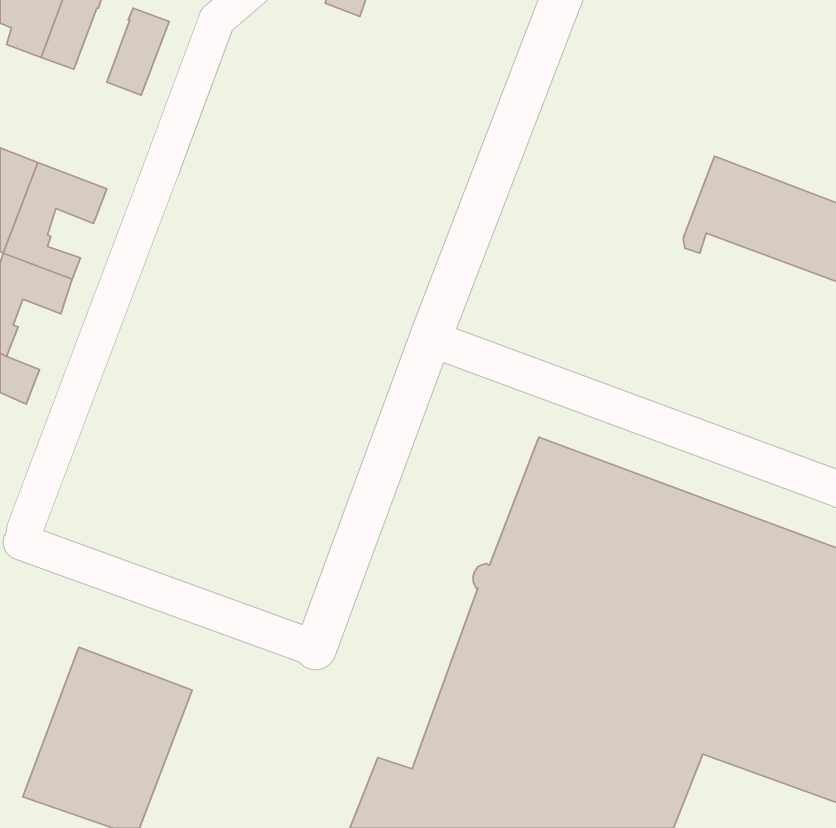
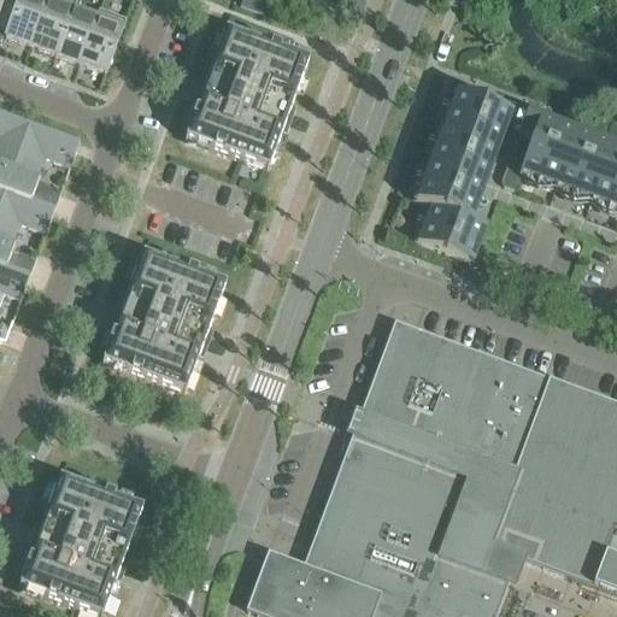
building: none -> [57,6,98,60]
building: none -> [186,28,308,168]
building: none -> [417,75,511,257]
building: none -> [102,251,225,390]

